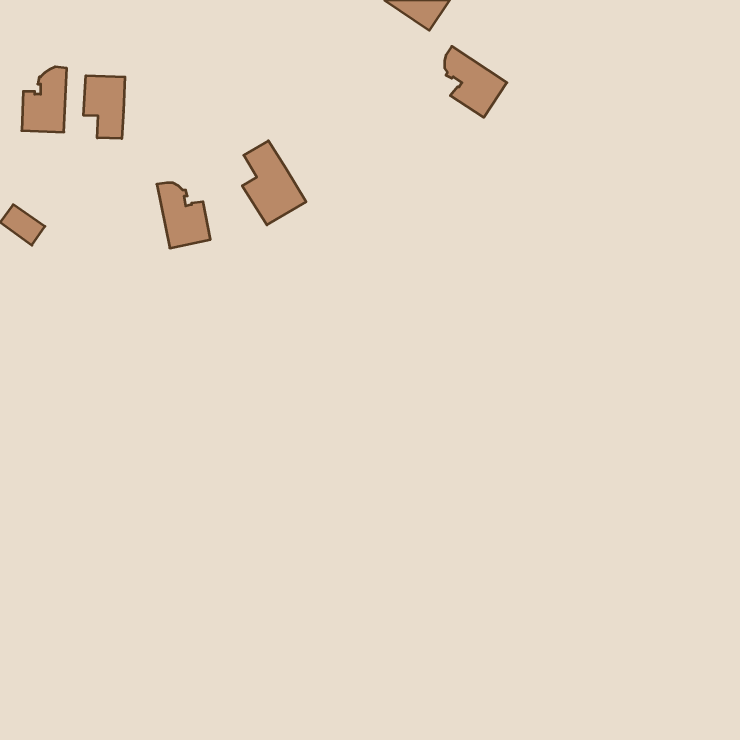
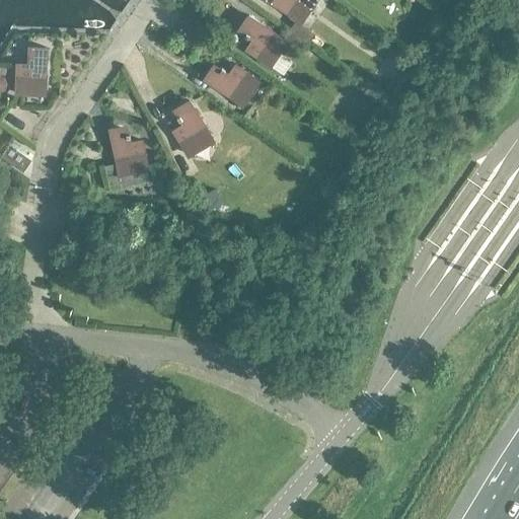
building: [445,46,507,117] -> [243,16,287,66]
building: [84,76,125,139] -> none
building: none -> [205,66,258,105]

